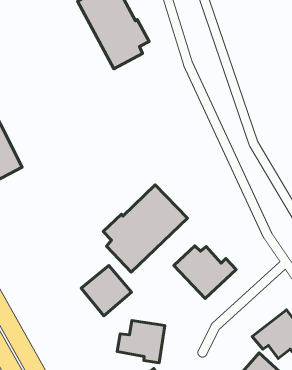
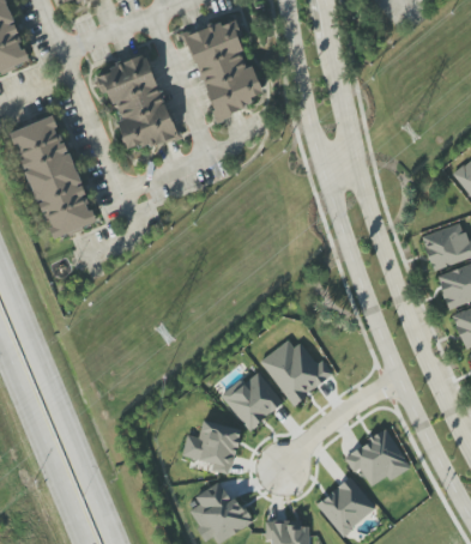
building: none -> [93,55,174,151]
building: [103,185,188,272] -> none
building: [81,266,131,316] -> [223,370,282,429]

